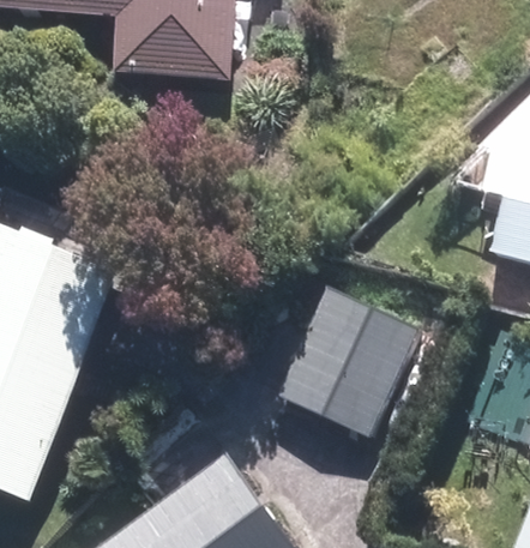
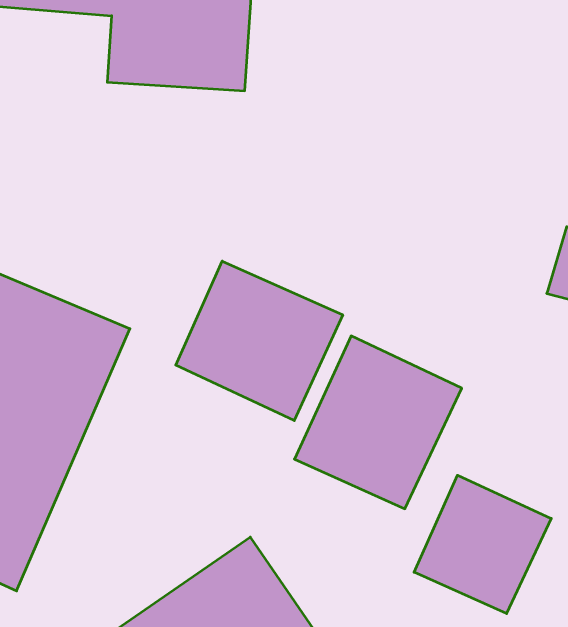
building: none -> [176,261,343,421]
building: none -> [414,475,551,614]

